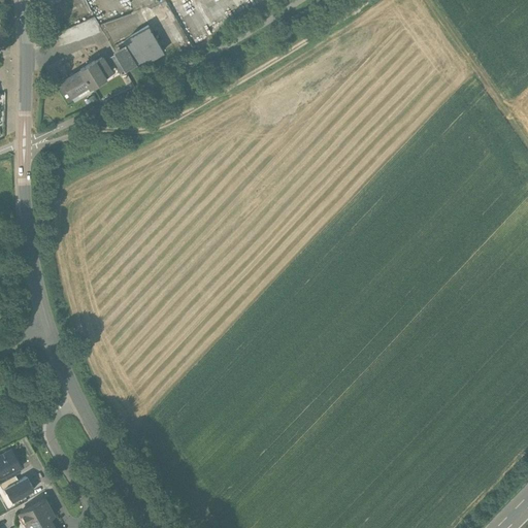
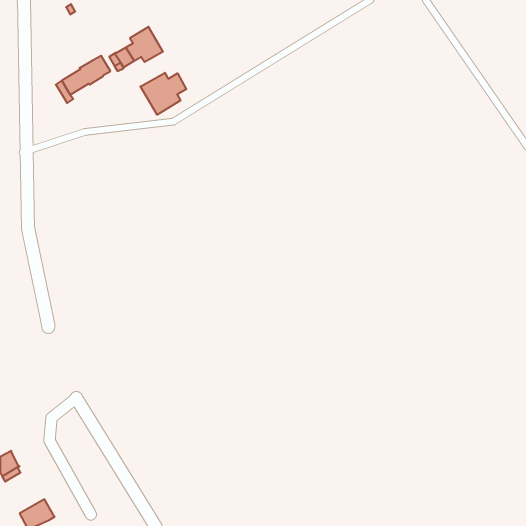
building: none -> [140,73,186,115]
building: [5,477,35,503] -> none

